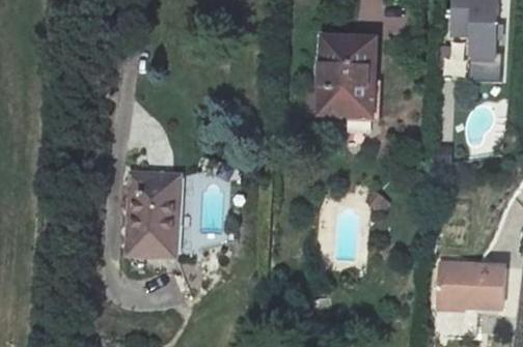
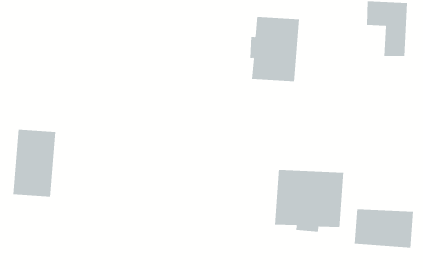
building: [127,175,178,256] -> [13,129,56,197]
building: none -> [275,169,344,233]

